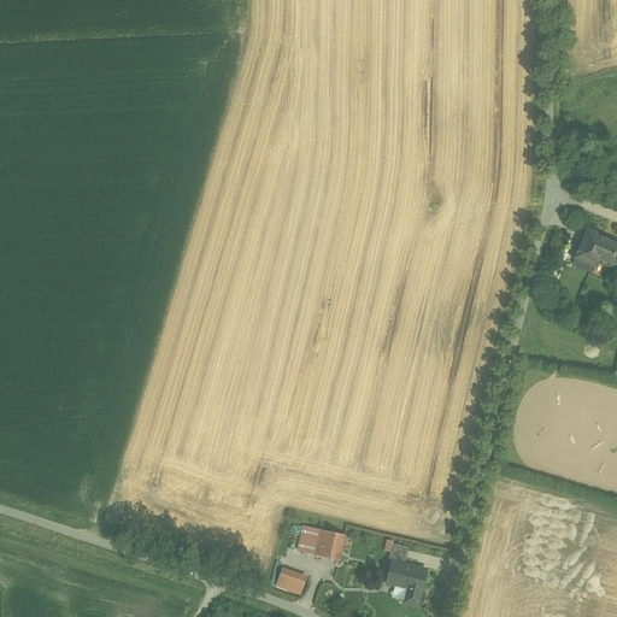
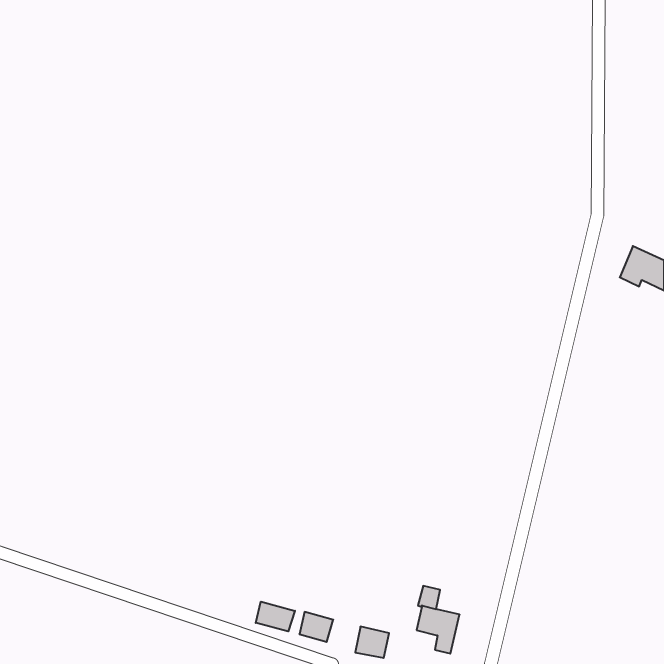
building: [312,529,343,558] -> [355,627,389,658]
building: none -> [256,602,295,631]

